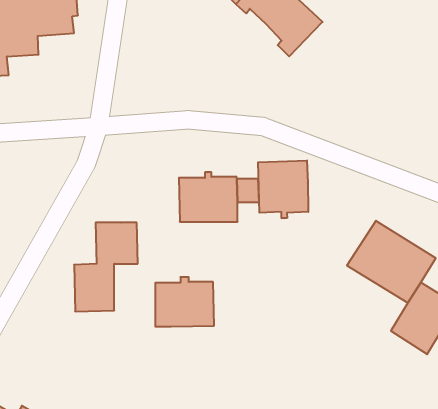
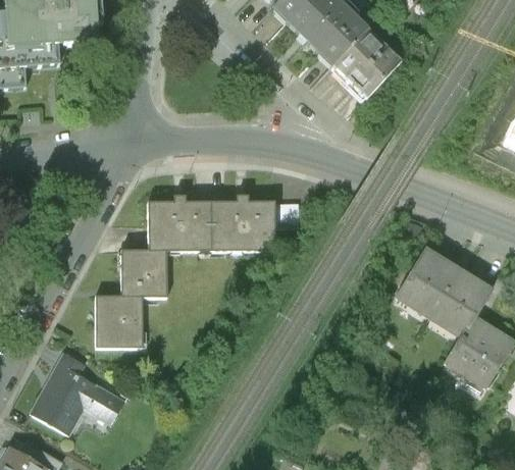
building: none -> [331,31,401,100]
building: [258,160,308,218] -> none
building: [155,277,214,327] -> [148,196,212,250]
building: none -> [30,355,123,436]

